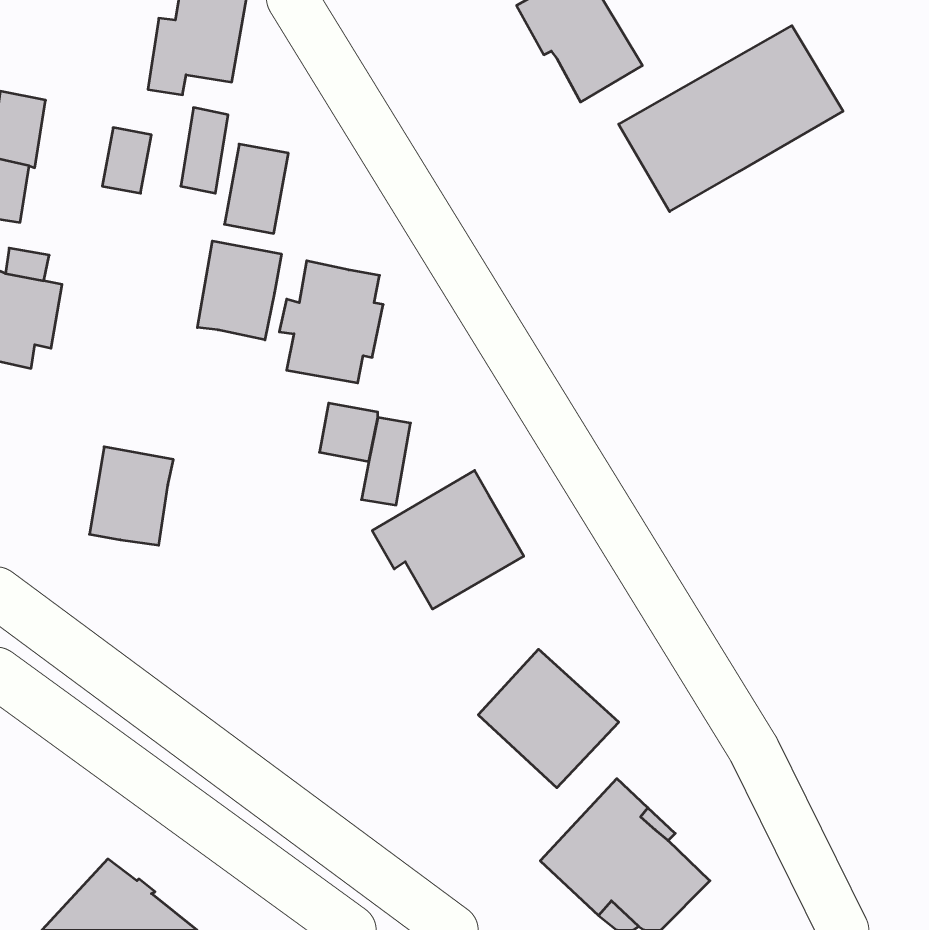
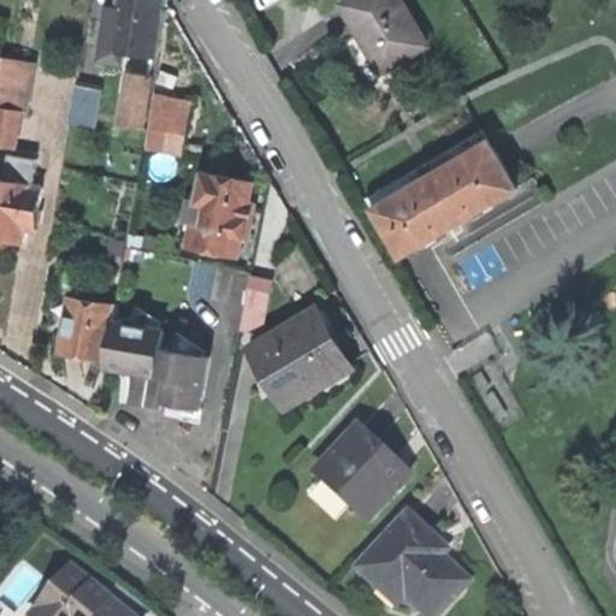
building: [619,26,843,212] -> [366,131,514,254]
building: [197,241,281,340] -> none
building: none -> [103,320,208,408]

